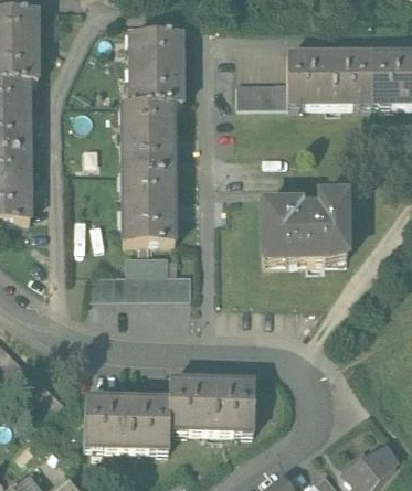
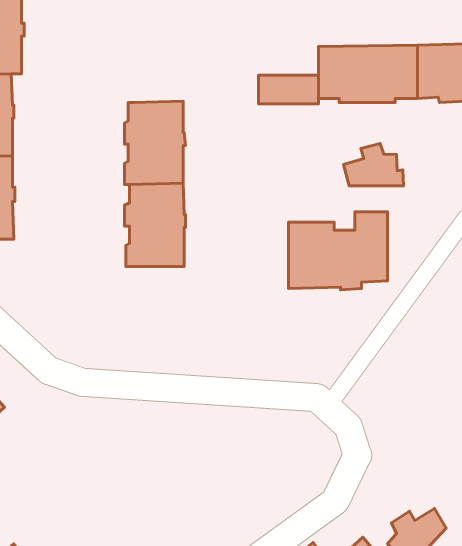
building: [131,31,183,103] -> none
building: none -> [344,143,403,186]
building: [91,254,192,296] -> none
building: [85,380,255,448] -> none

